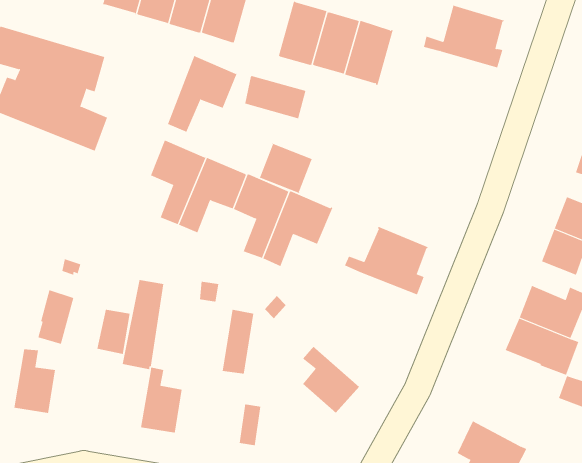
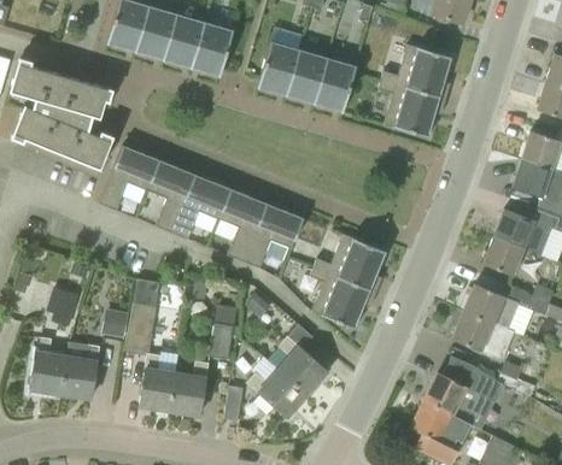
building: none -> [377,81,445,139]
building: [167,55,237,133] -> [99,145,159,211]
building: [243,75,307,120] -> none
building: [258,143,313,194] -> none
building: none -> [310,267,376,329]
building: none -> [60,343,99,399]
building: none -> [423,357,498,422]
building: none -> [169,361,207,416]
building: none -> [246,369,306,417]

